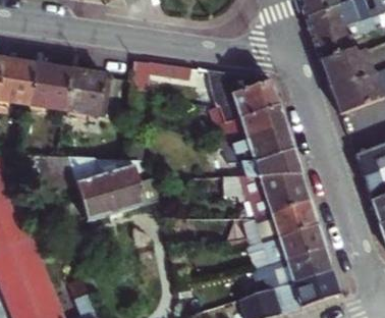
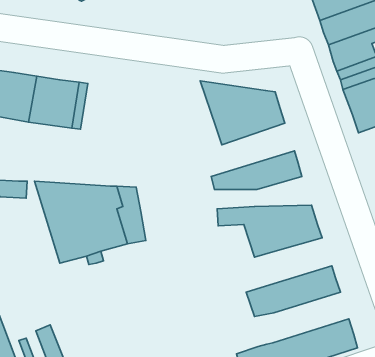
building: [133,60,190,95] -> none
building: [211,106,286,151] -> none
building: [248,151,300,176] -> none
building: [253,203,318,244] -> none
building: [252,249,332,292] -> none

